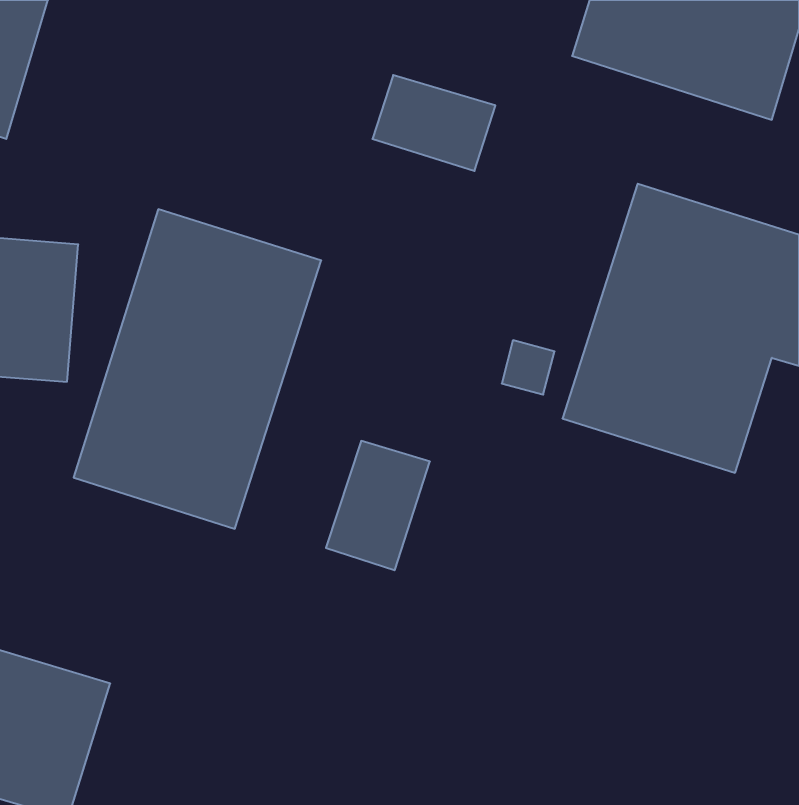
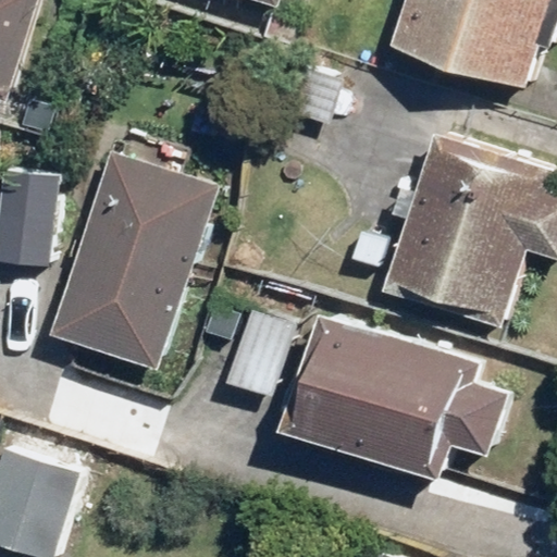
building: none -> [285,312,511,481]

